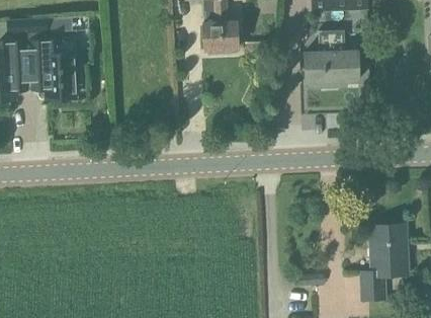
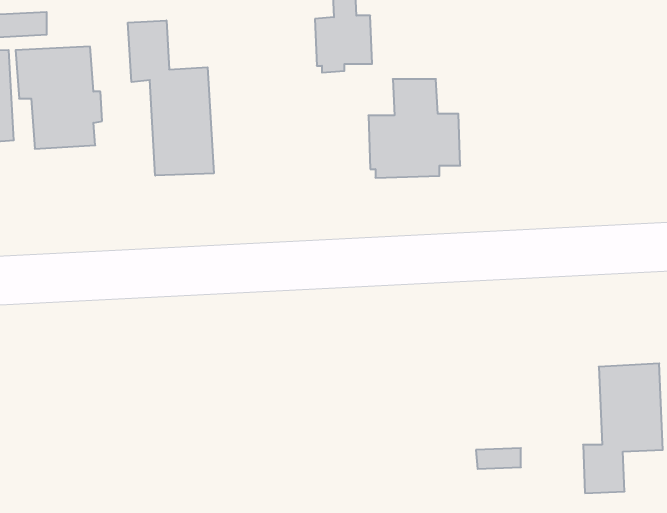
building: none -> [128,20,214,176]
building: [305,30,358,88] -> [368,79,460,178]

